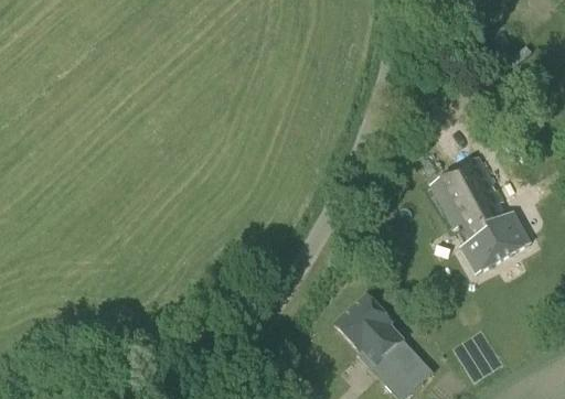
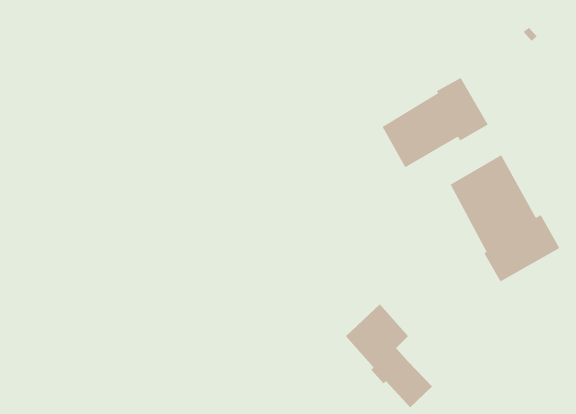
building: none -> [382,77,489,168]

